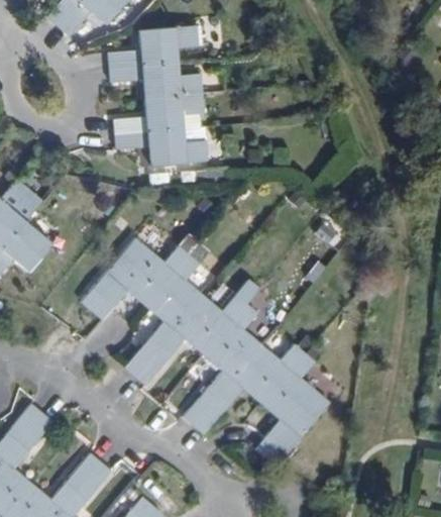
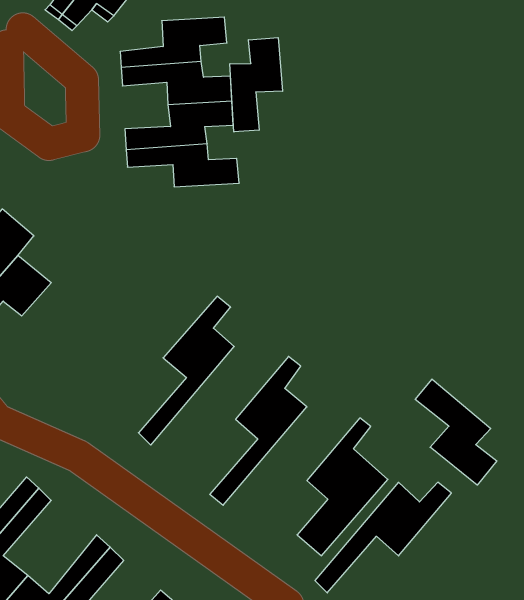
building: none -> [230,38,283,132]
building: [81,238,189,318] -> none
building: [134,284,256,386] -> none
building: none -> [415,379,497,485]
building: [194,345,306,436] -> [315,482,451,593]

